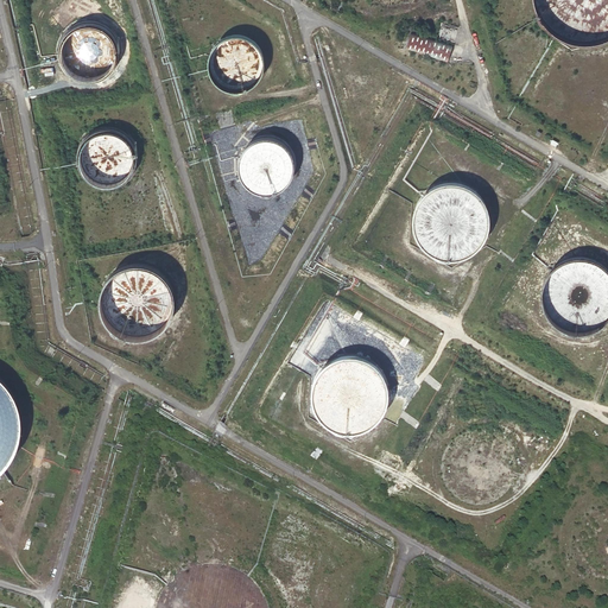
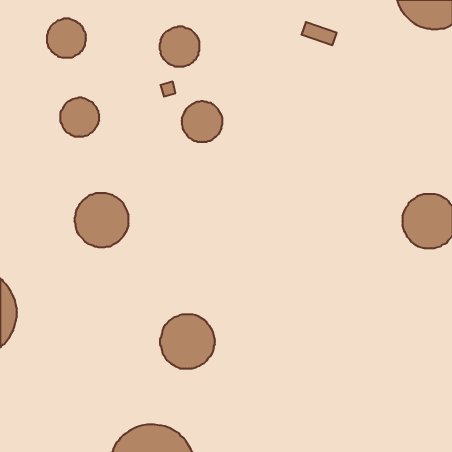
building: [413,186,487,259] -> none
building: [311,355,385,428] -> [160,314,215,368]

